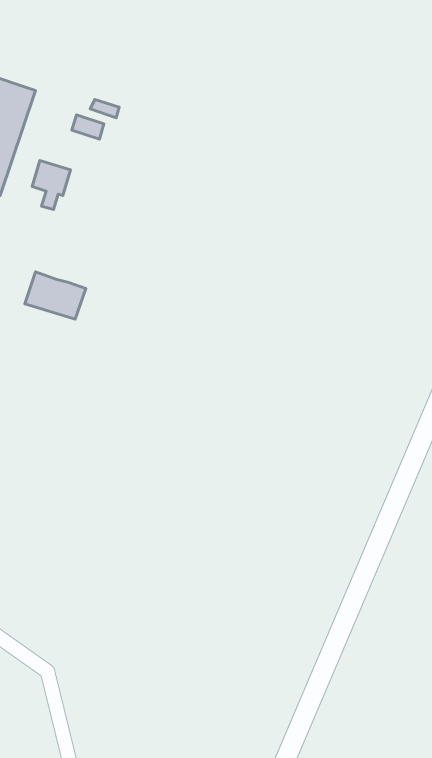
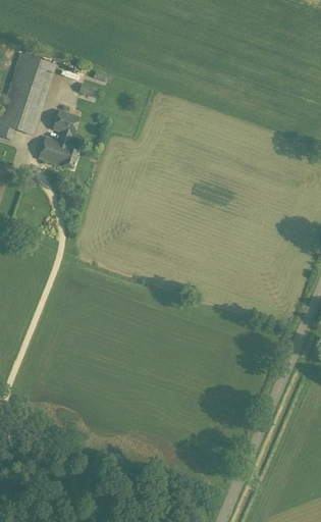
building: [25,272,86,319] -> [37,136,77,167]

